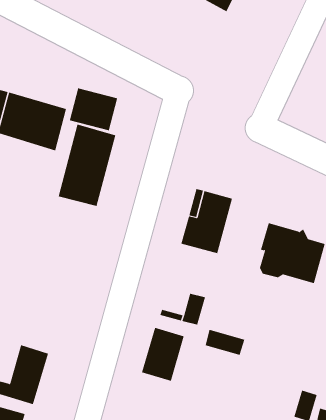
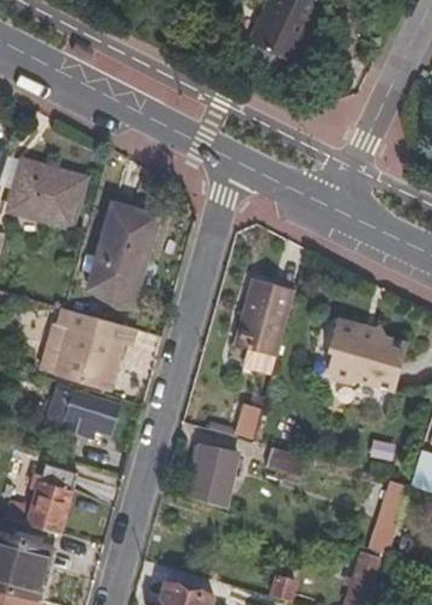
building: [69,87,118,131] -> none
building: none -> [55,308,133,388]
building: none -> [51,386,118,436]

